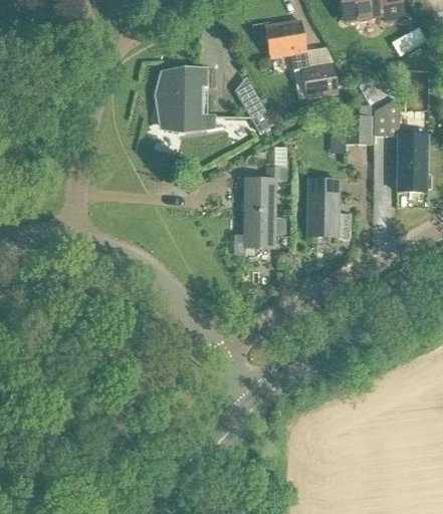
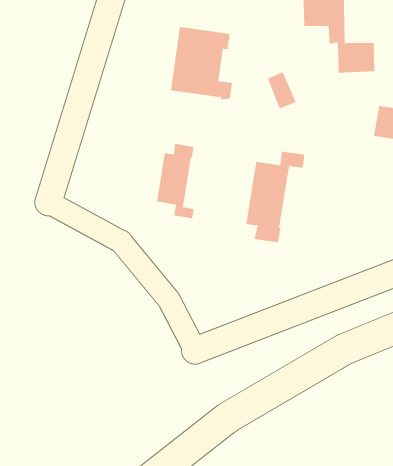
building: none -> [156,143,194,219]
building: [306,180,350,236] -> none

